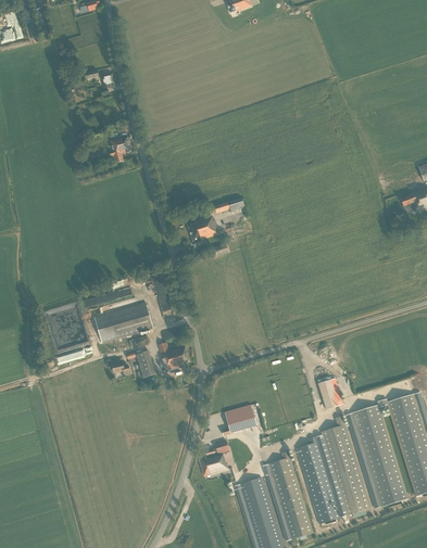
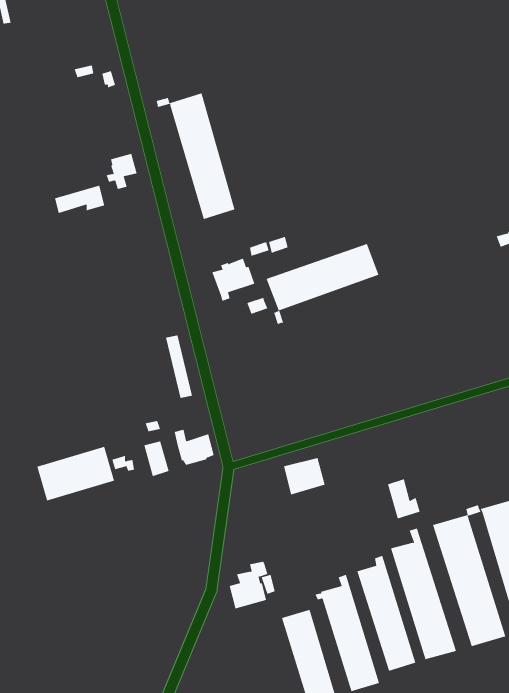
building: none -> [156,92,235,220]
building: none -> [55,185,105,214]
building: none -> [266,243,379,325]
building: [93,302,152,343] -> [36,446,115,501]
building: [224,405,255,433] -> [283,457,325,495]

